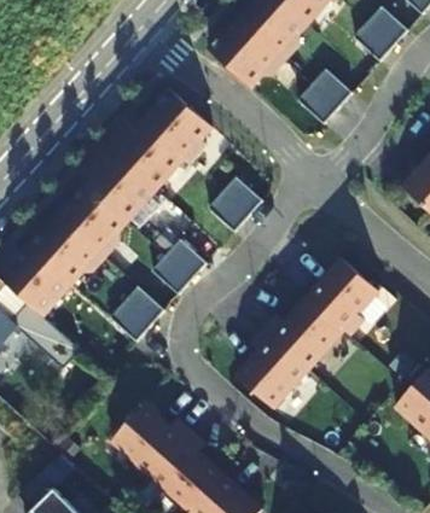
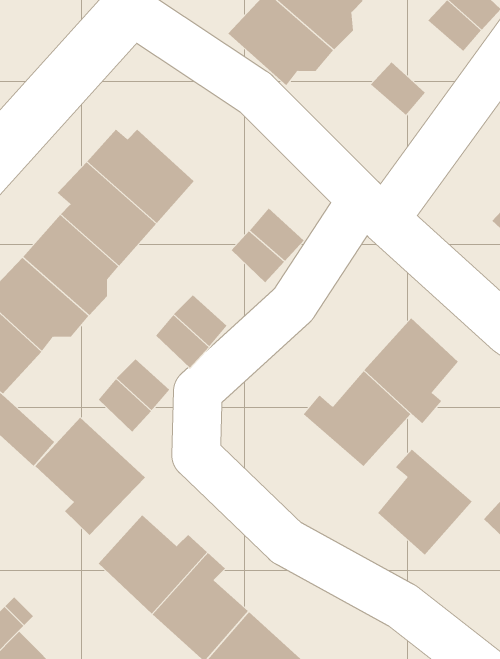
building: [141,88,213,164] -> none
building: [238,330,308,408] -> [377,449,472,556]
building: none -> [35,417,146,536]

